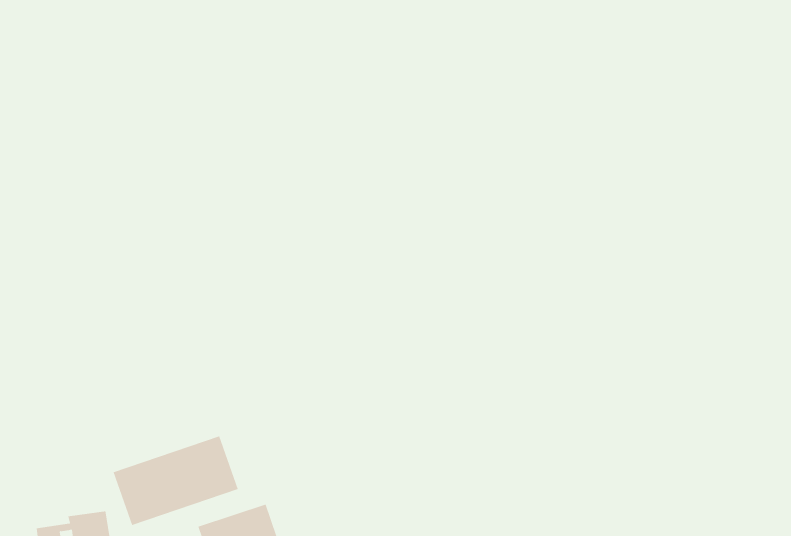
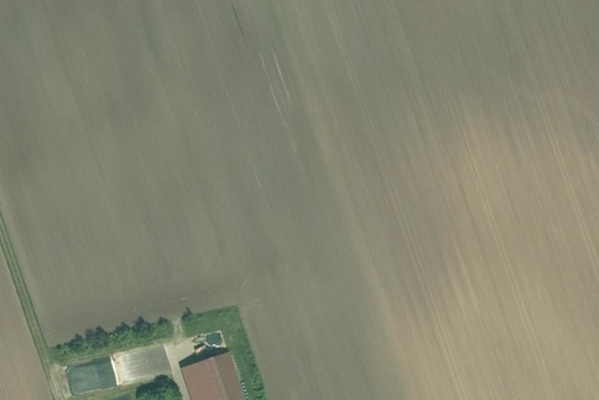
building: [113,436,239,526] -> none

